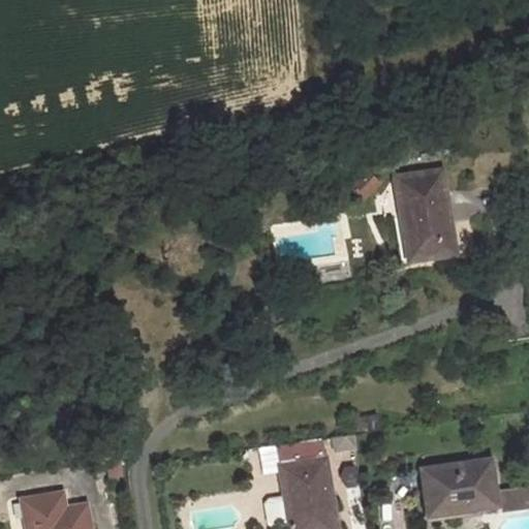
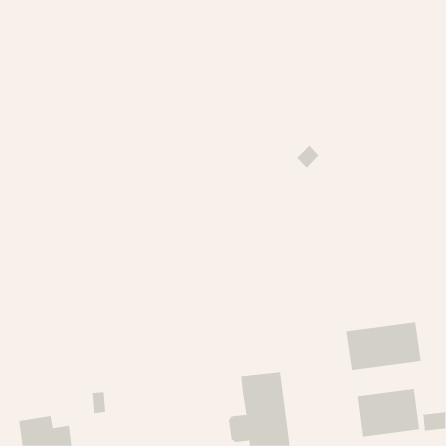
building: [395,170,455,261] -> none
building: none -> [346,322,421,371]

